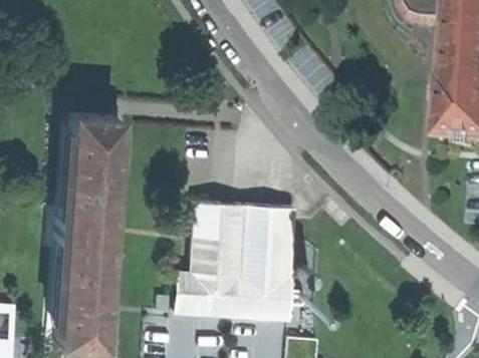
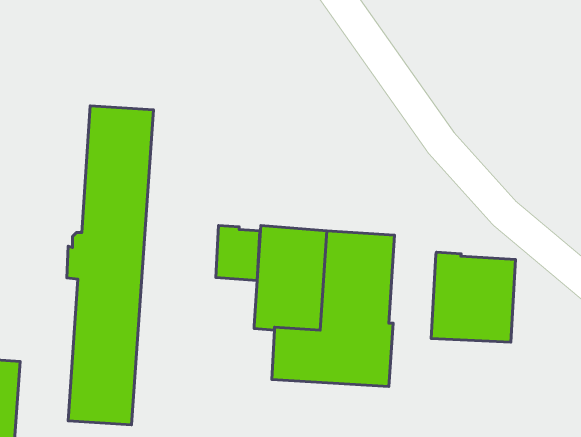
building: none -> [431,252,516,342]
building: [174,275,206,315] -> [216,225,260,280]

